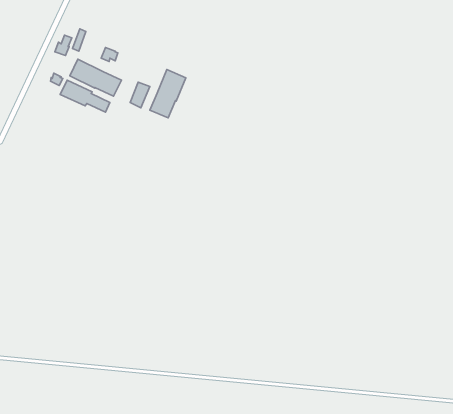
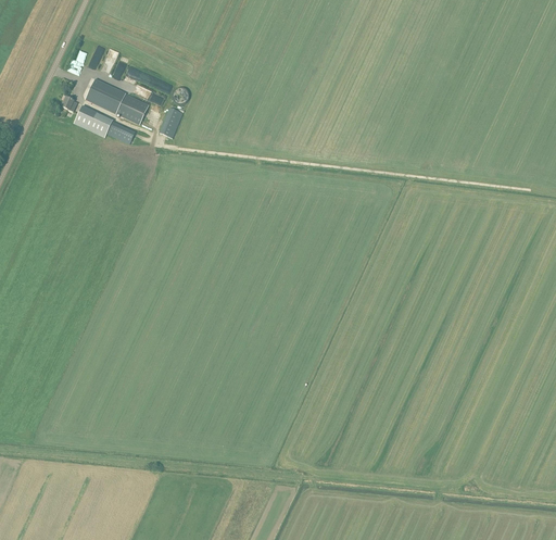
building: [150,70,186,118] -> none

